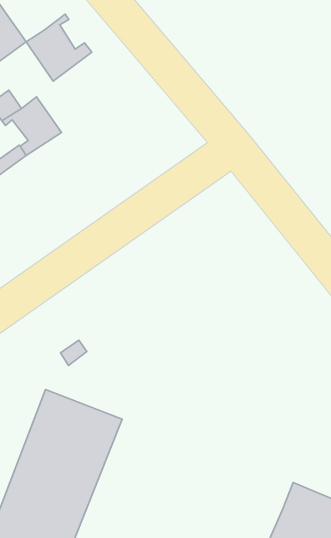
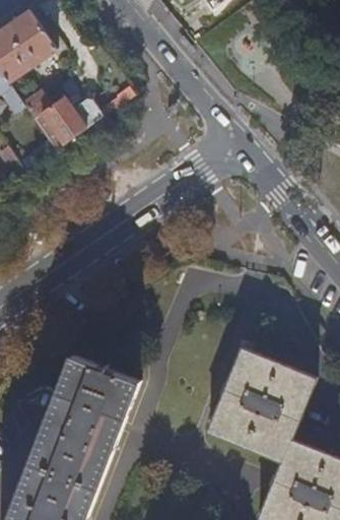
building: [26,14,92,81] -> none
building: none -> [207,348,317,461]

